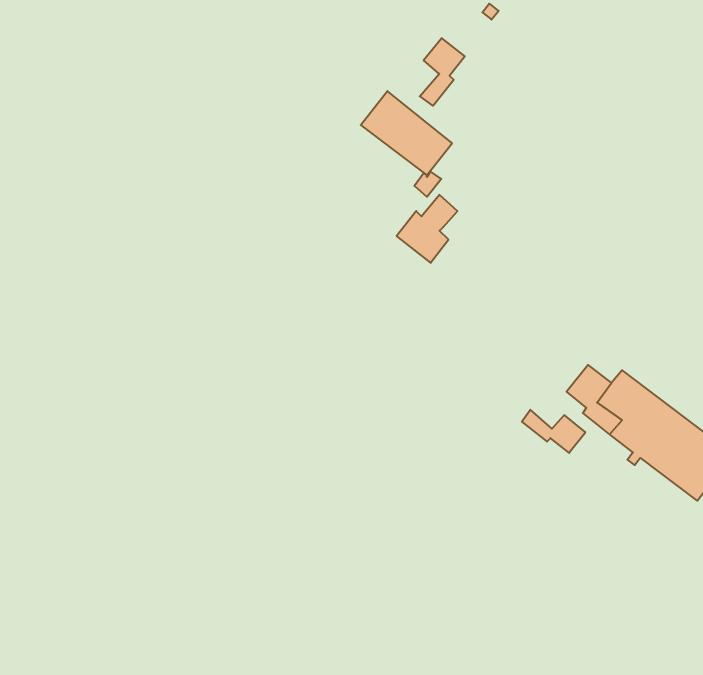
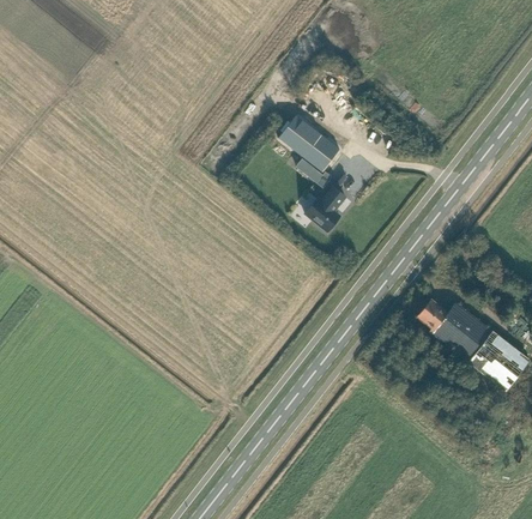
building: [420,38,465,106] -> none
building: [522,410,585,453] -> none

